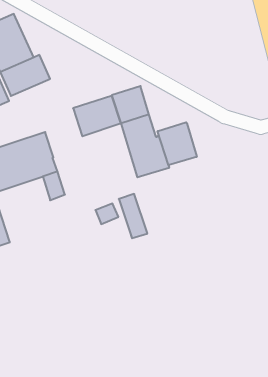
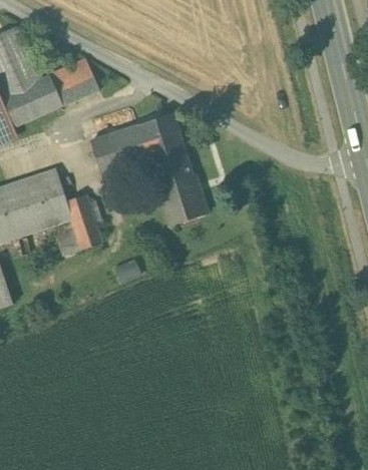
building: none -> [50,59,100,105]
building: [158,122,197,165] -> none
building: [119,194,147,238] -> [66,194,101,249]

